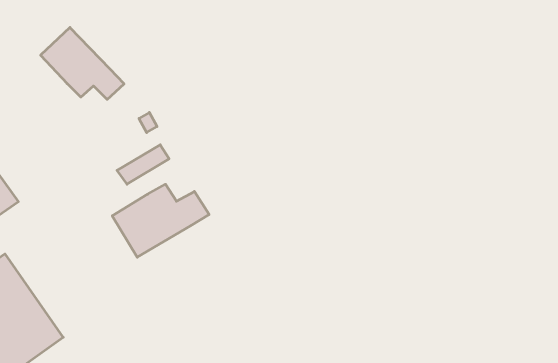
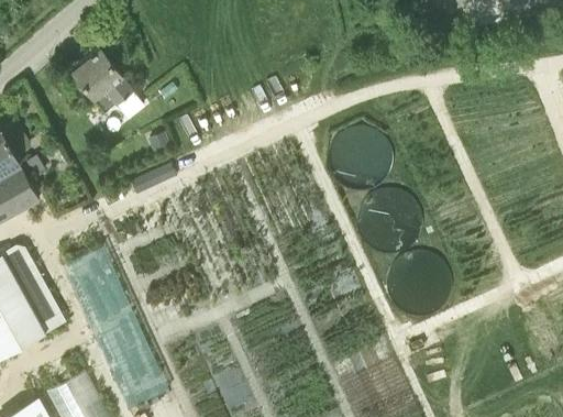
building: [112,184,209,257] -> none

